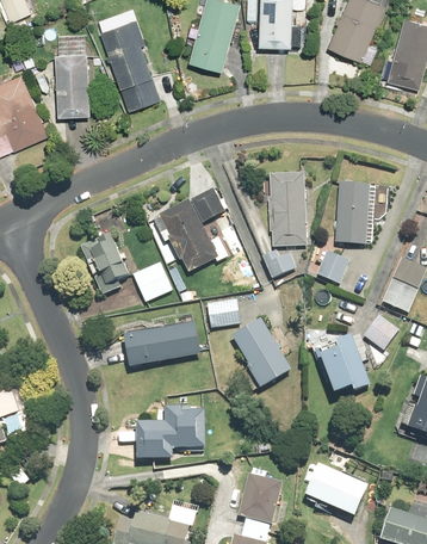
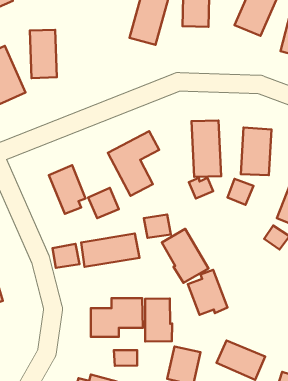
building: [100,18,160,110] -> none
building: [318,334,371,394] -> [188,270,227,315]
building: none -> [53,244,80,268]
building: none -> [145,299,172,342]
building: none -> [114,350,137,366]

